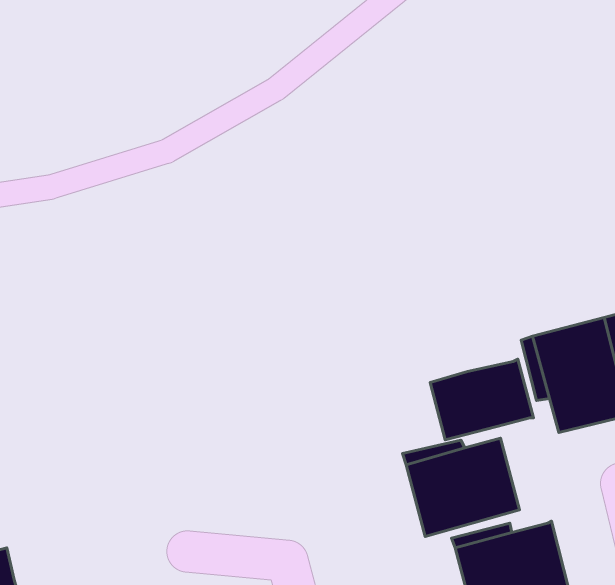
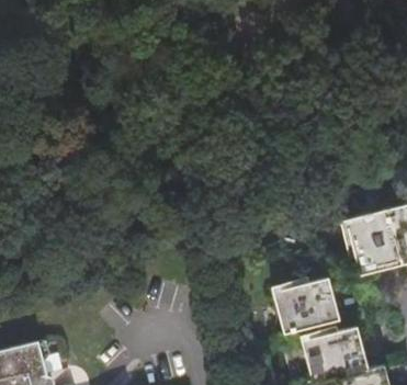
building: [430,359,534,440] -> none

